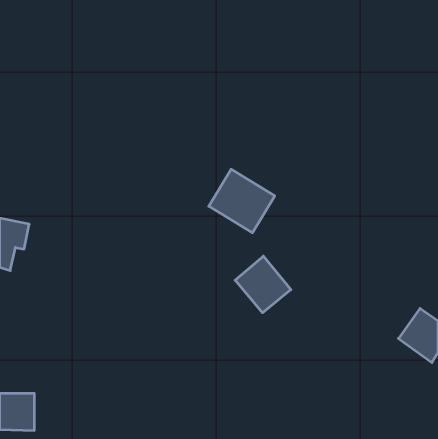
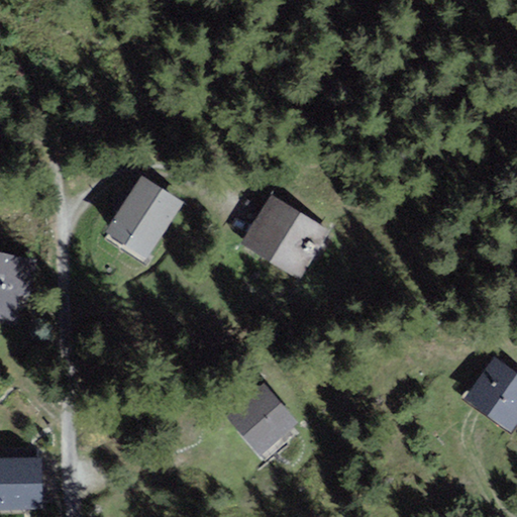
building: none -> [109,181,179,254]
building: [235,256,291,313] -> [231,389,297,455]

